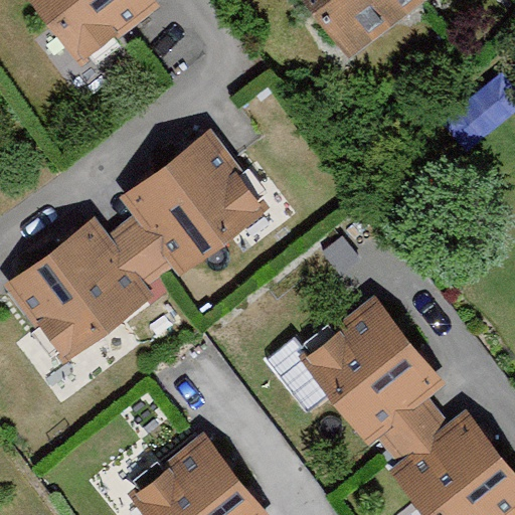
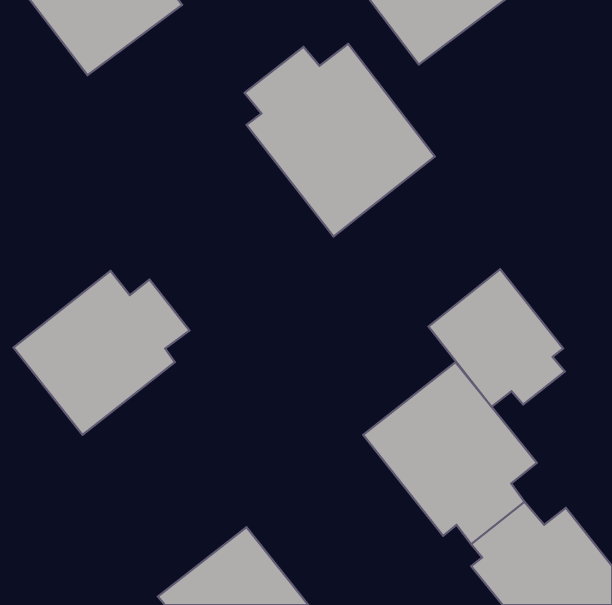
building: none -> [244,44,435,236]
building: [123,134,270,277] -> none
building: none -> [429,269,565,407]

